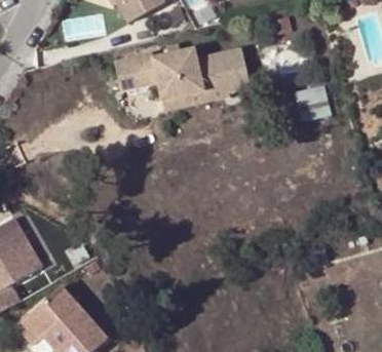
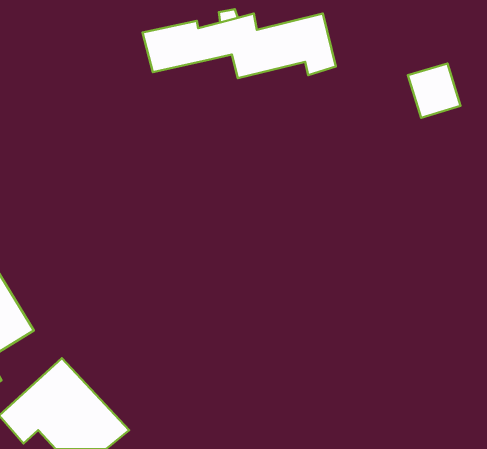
building: [160,75,232,108] -> none

